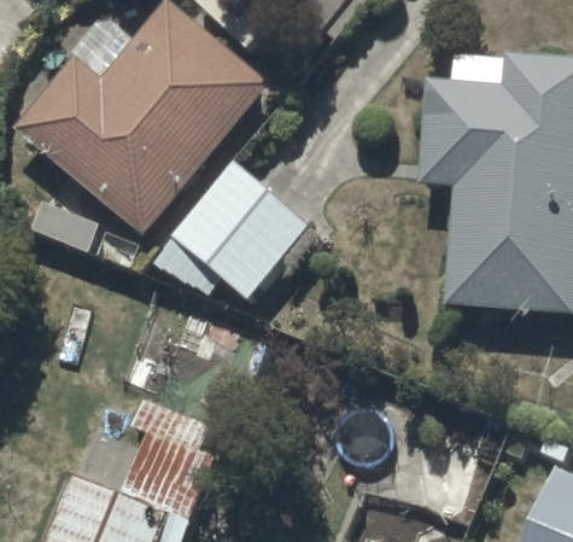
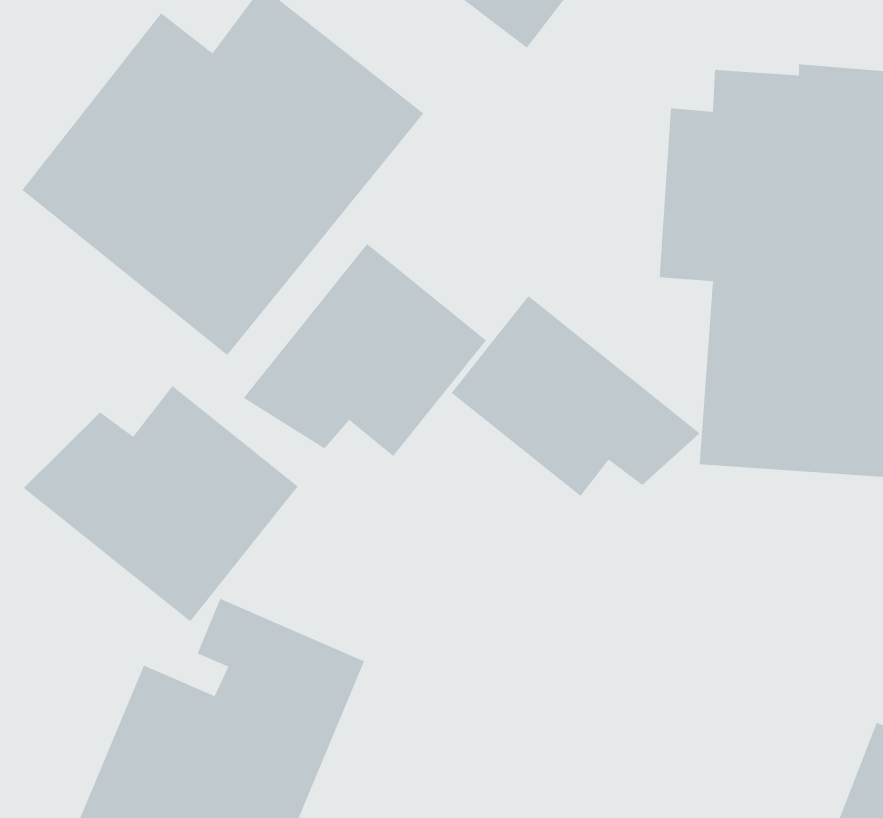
building: none -> [451,295,701,497]
building: none -> [23,385,298,622]

